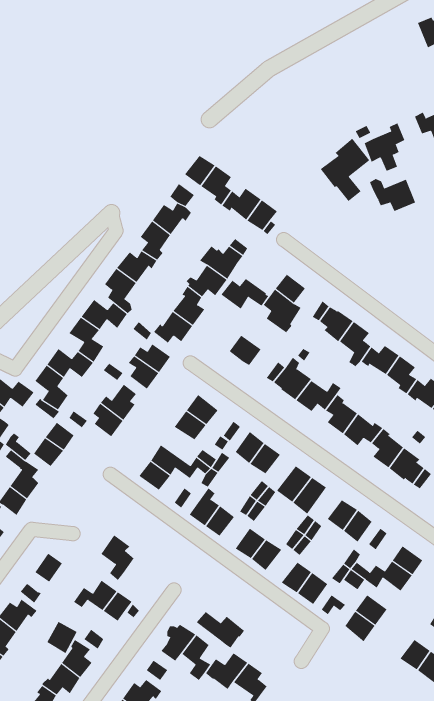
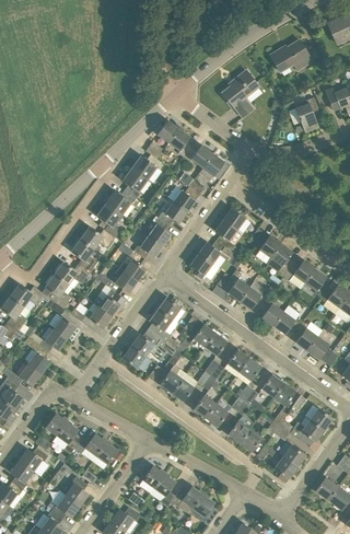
building: none -> [270,40,313,72]
building: [320,138,370,202] -> [222,70,259,117]
building: [369,178,416,212] -> none
building: [220,278,269,309] -> [198,241,234,264]
building: [100,535,134,581] -> [57,421,82,455]
building: [196,611,245,648] -> none

